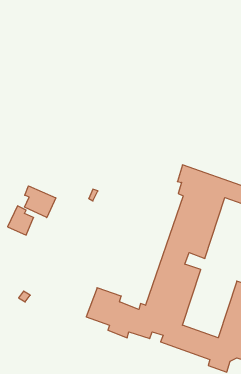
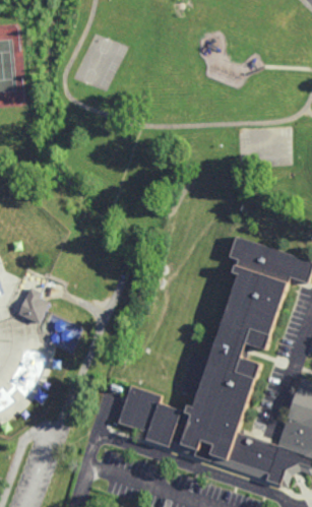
building: [25,186,56,218] -> none

